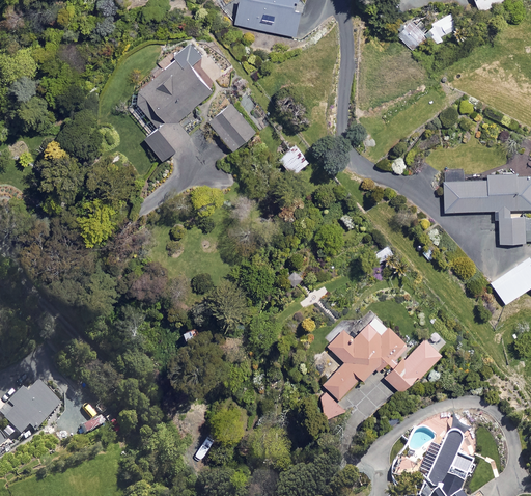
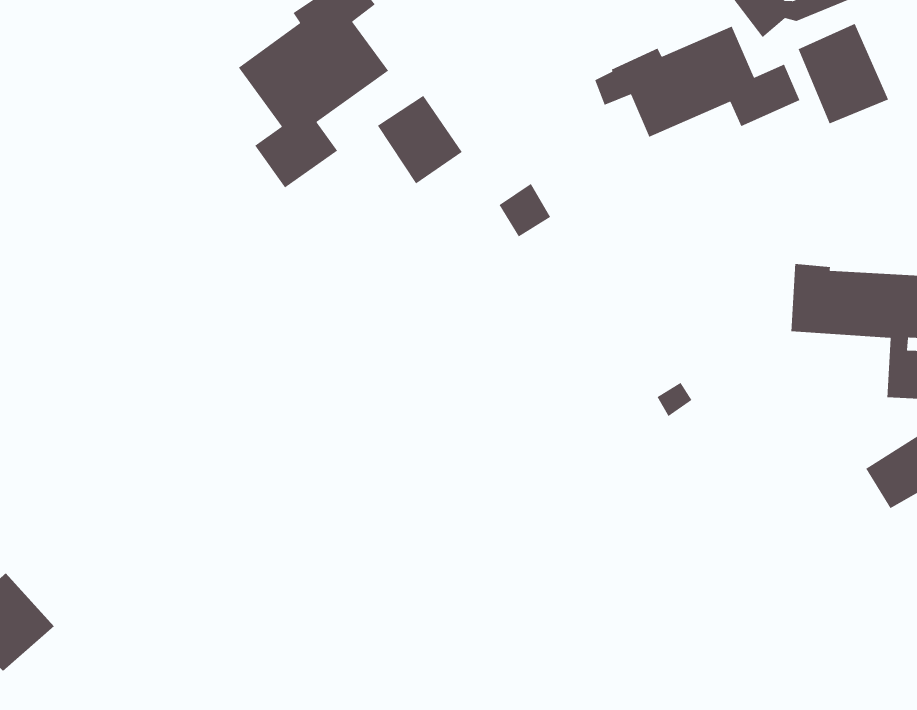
building: none -> [797,23,889,125]
building: none -> [594,26,801,138]
building: [322,316,442,418] -> none

